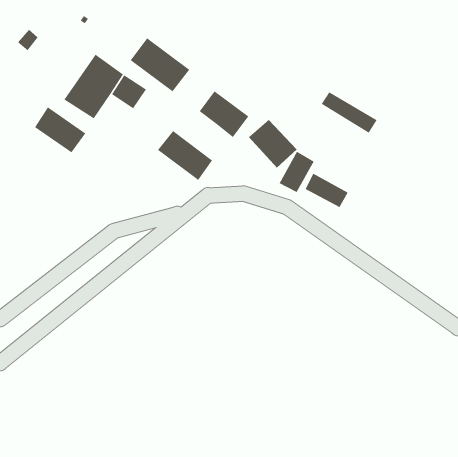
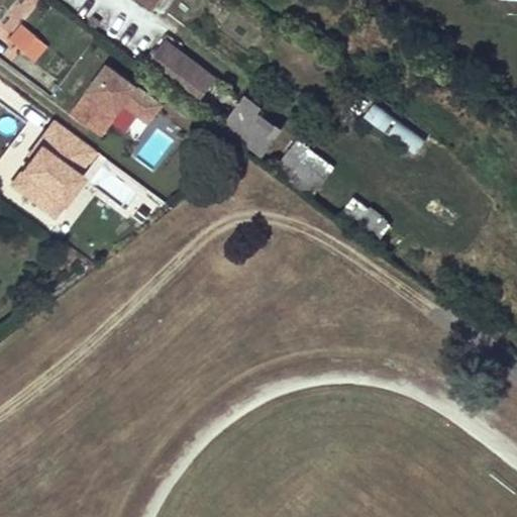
building: none -> [11,144,81,214]
building: [157,130,213,181] -> none
building: [279,151,315,193] -> none

